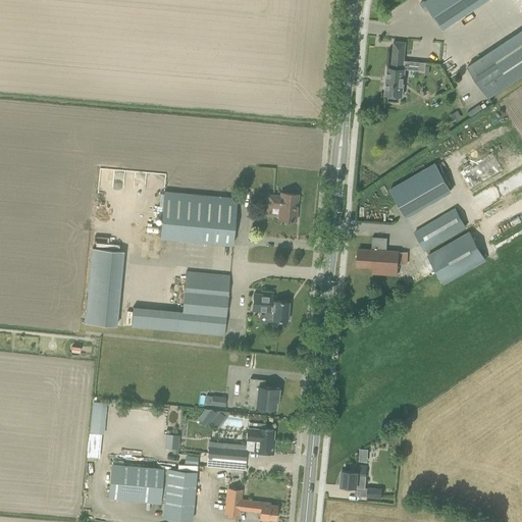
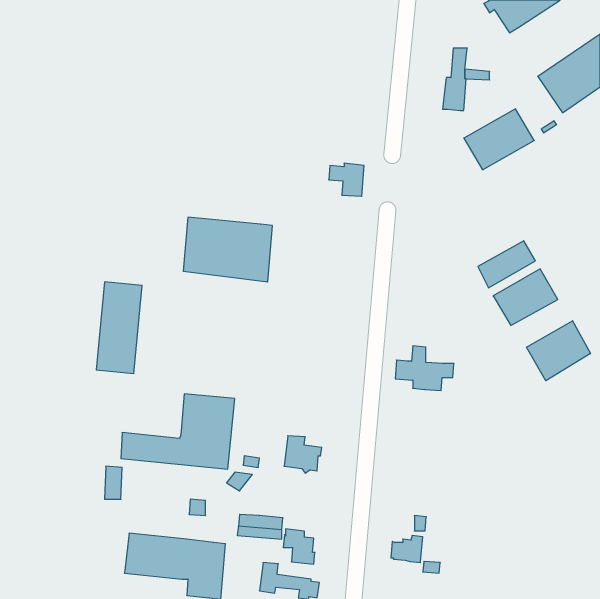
building: [389,164,451,217] -> [464,109,534,170]
building: [267,193,298,221] -> [329,163,364,196]
building: [357,238,408,276] -> [395,346,454,391]
building: [130,271,229,336] -> [121,394,235,469]
building: none -> [527,321,591,381]
building: [251,294,289,322] -> none
building: [247,423,274,454] -> [283,529,315,564]

